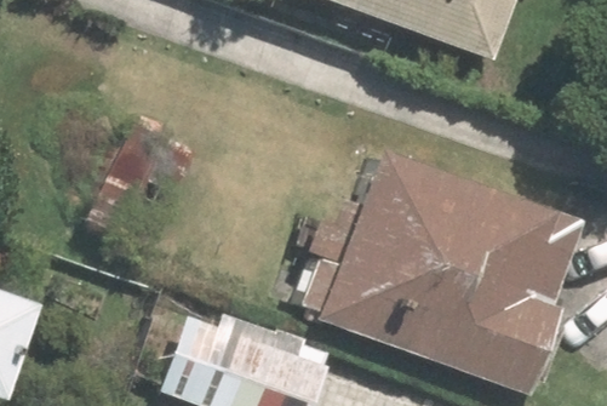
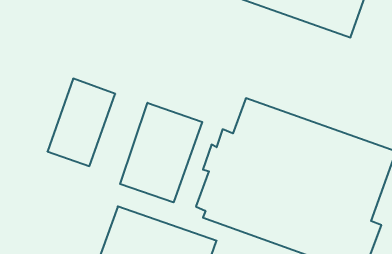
building: none -> [120,103,202,202]

